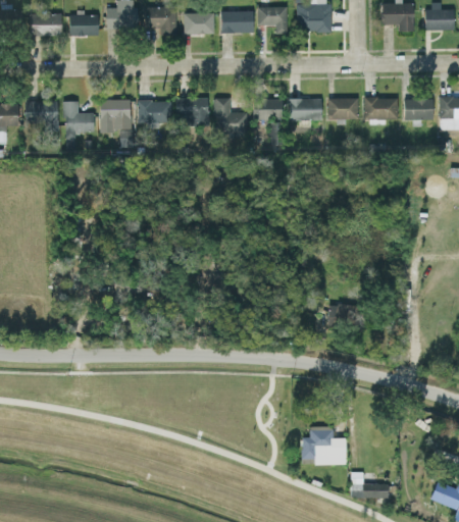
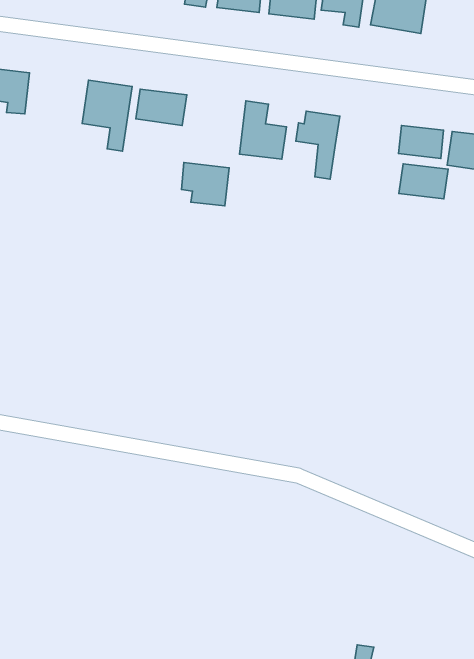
building: [175,98,209,126] -> [181,163,229,206]
building: [289,99,321,121] -> [399,164,448,199]
building: [64,101,94,150] -> none
building: [328,305,354,325] -> none
building: [302,426,346,465] -> none

